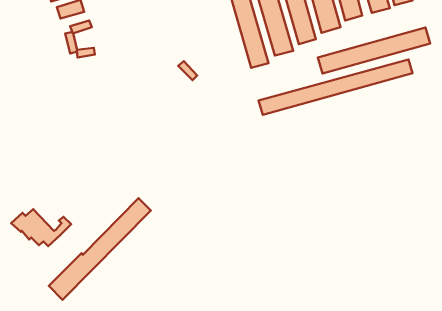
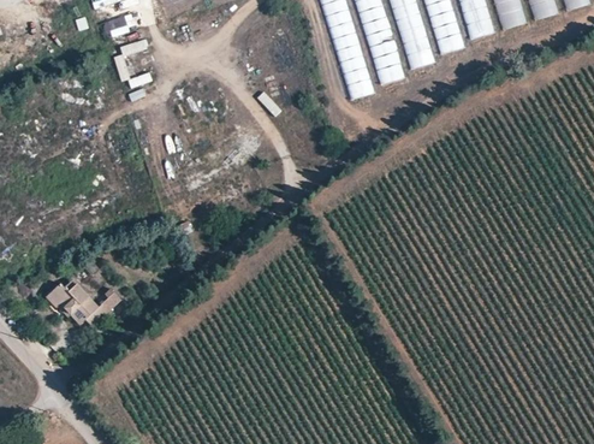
building: [318,28,430,73] -> none
building: [258,59,412,115] -> none
building: [49,198,151,300] -> none

